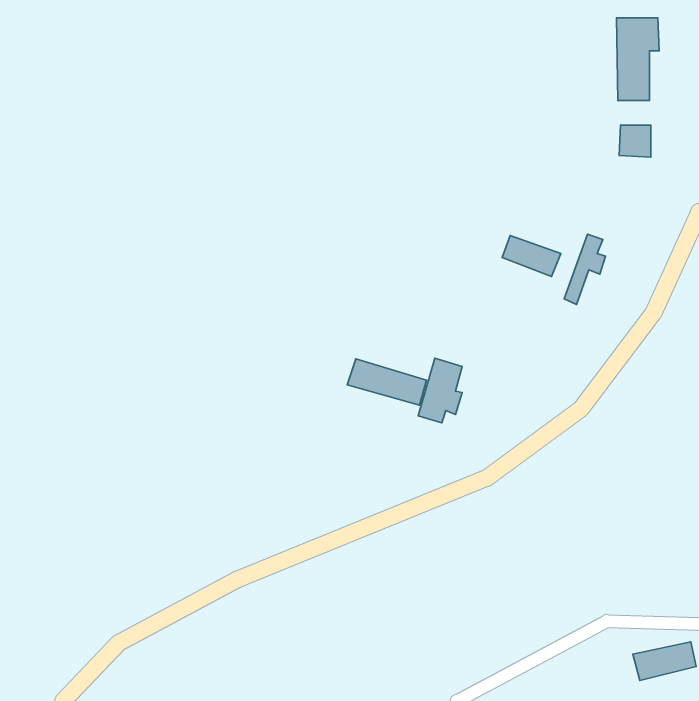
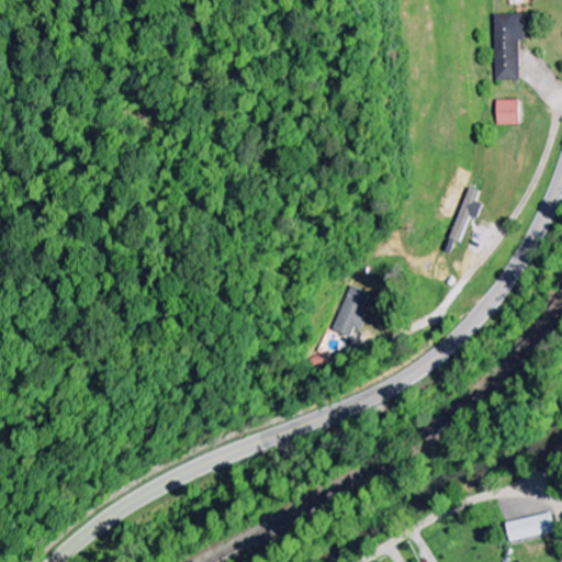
building: [502,235,561,276] -> none
building: [347,359,426,405] -> none

